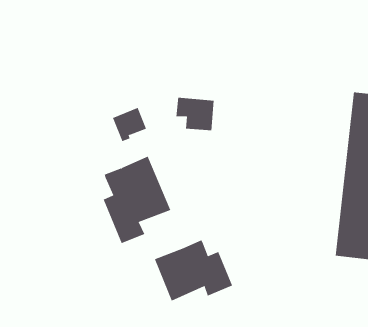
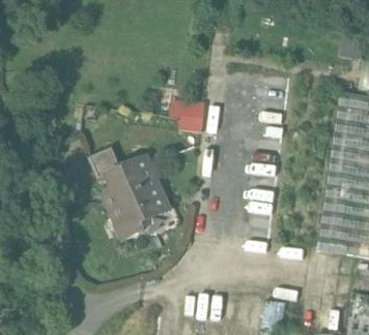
building: [112,107,147,142] -> [87,147,120,180]
building: [154,239,233,301] -> none

